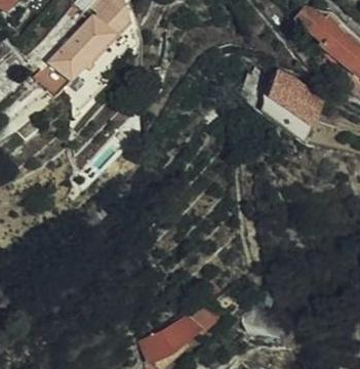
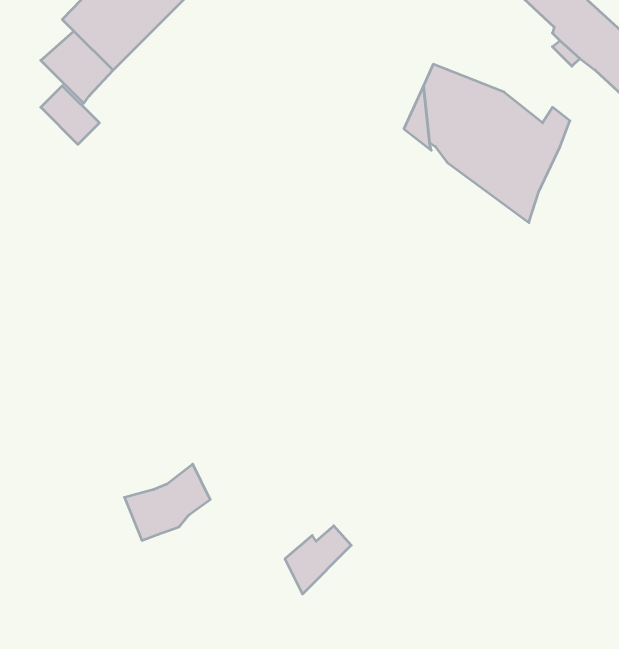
building: [143,320,188,360] -> [124,464,210,540]

